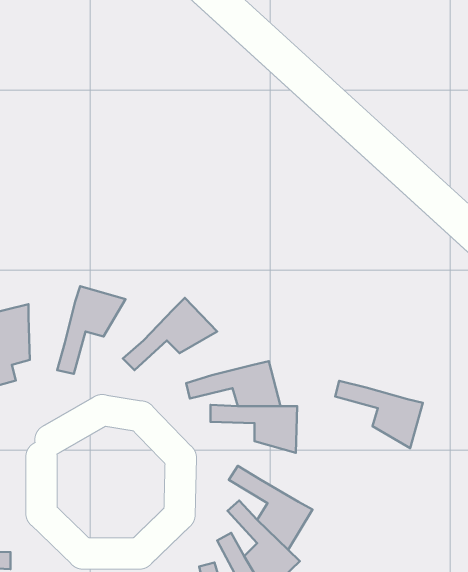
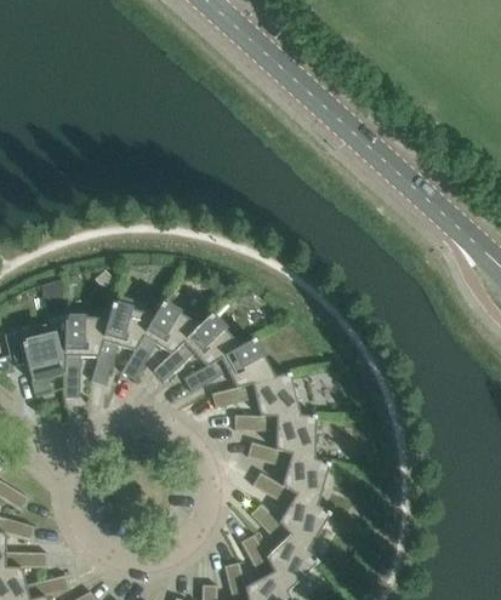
building: none -> [121,301,200,379]
building: none -> [64,315,108,396]
building: none -> [184,337,275,390]
building: [335,381,423,448] -> [247,441,330,504]

